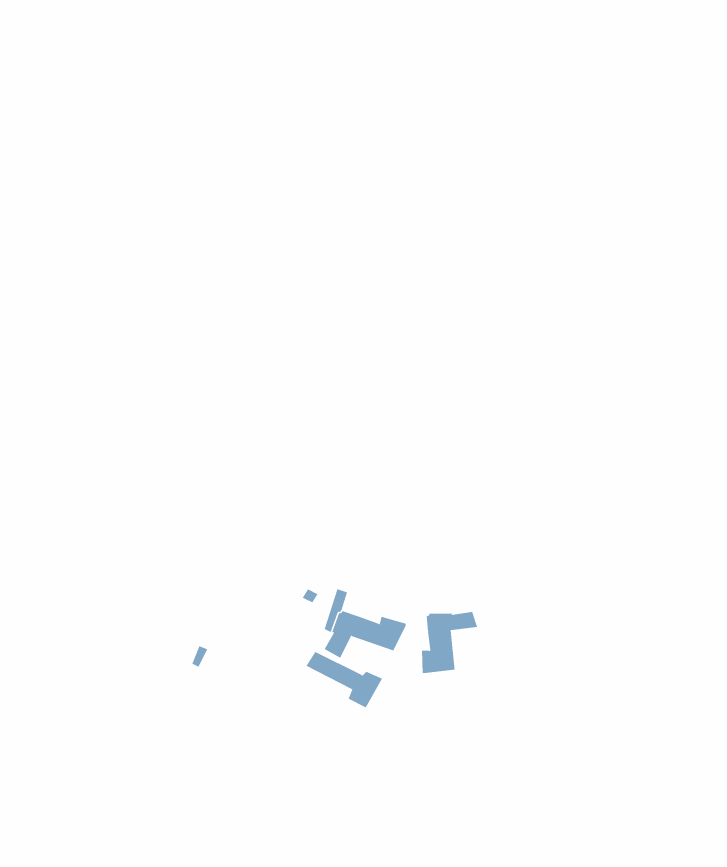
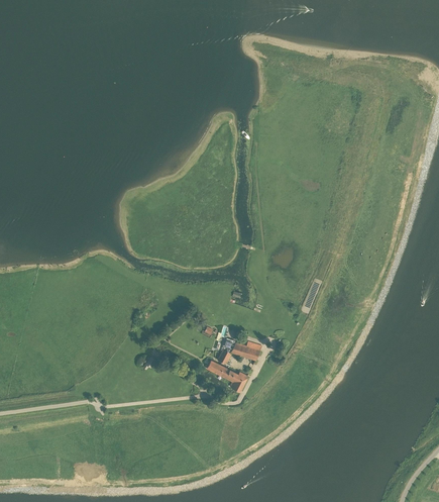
building: [421,611,478,674] -> none

